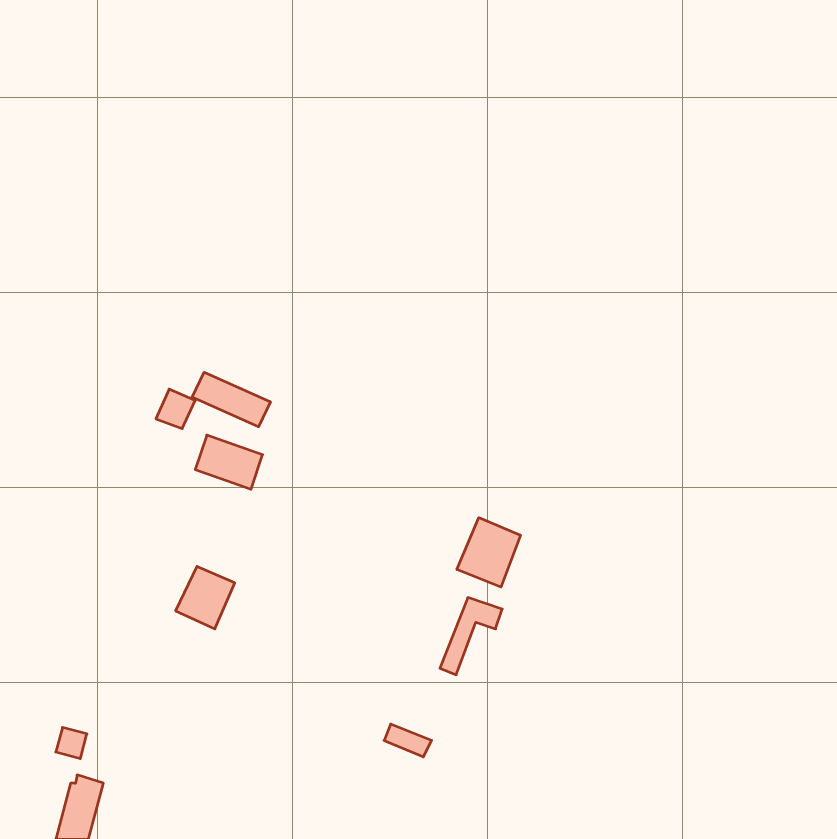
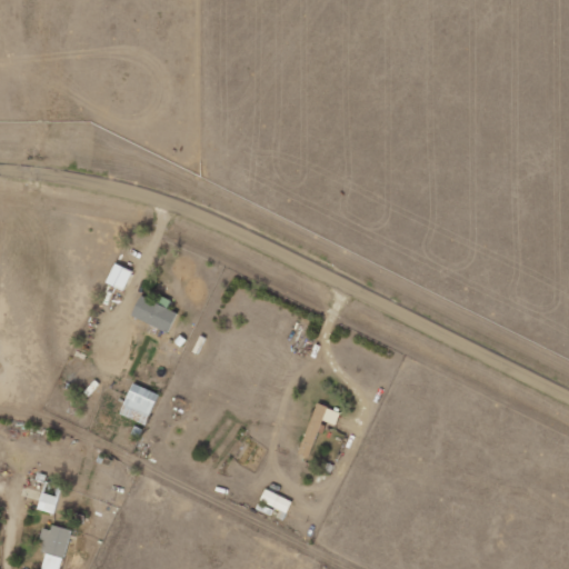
building: [192,372,270,427] -> none
building: [457,518,520,587] -> none

